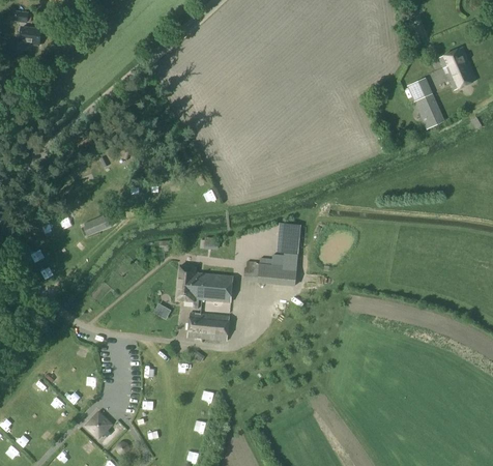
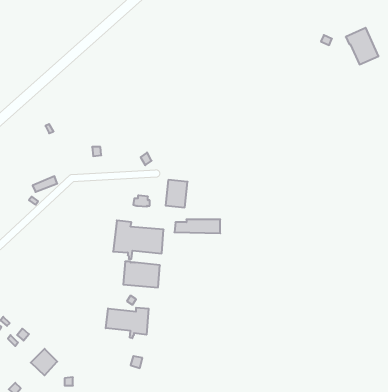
building: [406,78,444,129] -> none
building: [276,223,300,254] -> [166,180,188,207]
building: none -> [106,308,149,338]

